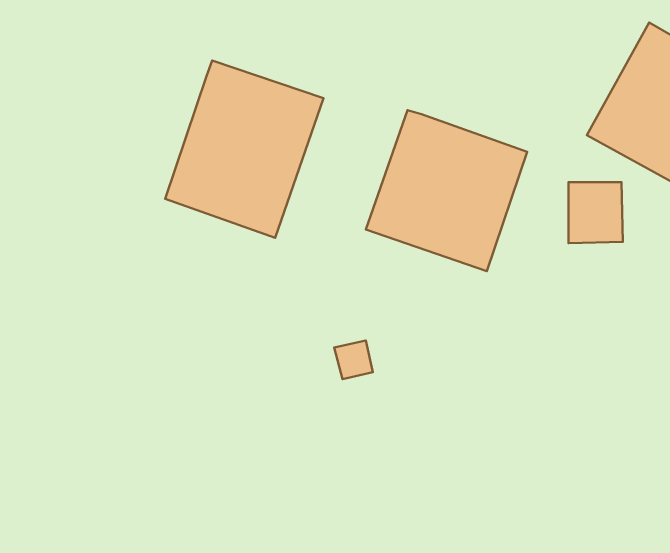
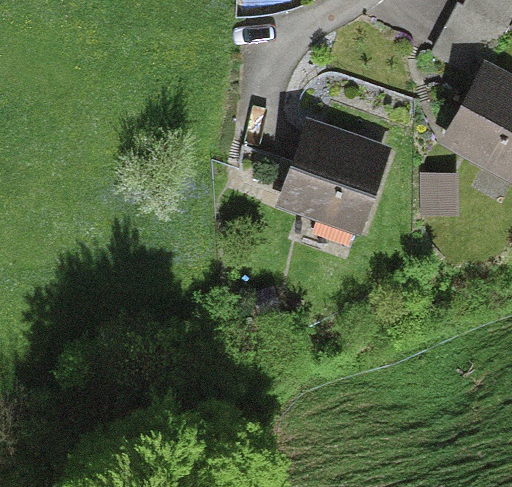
building: [165,60,323,238] -> none

